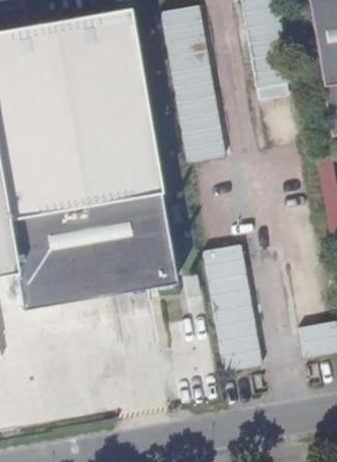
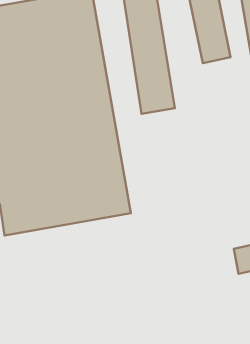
building: [204,242,263,369] -> none

